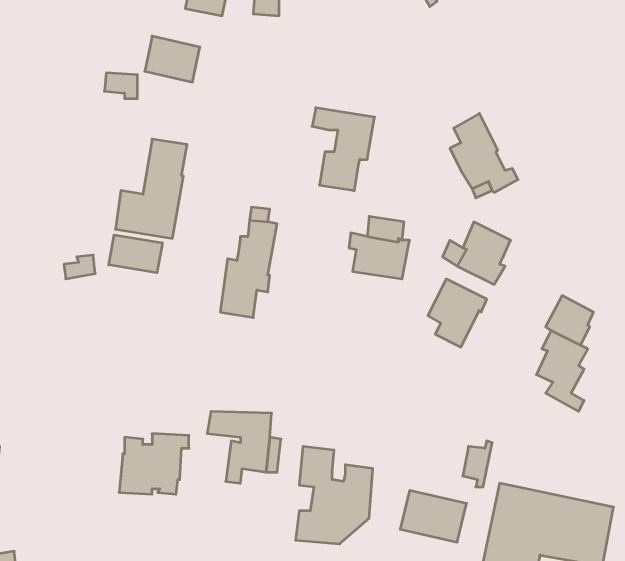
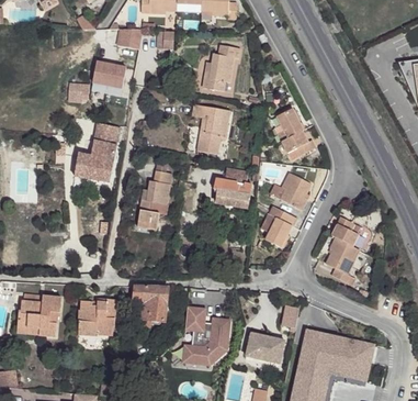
building: none -> [202,45,239,91]
building: [109,235,162,273] -> none
building: none -> [16,296,60,336]

